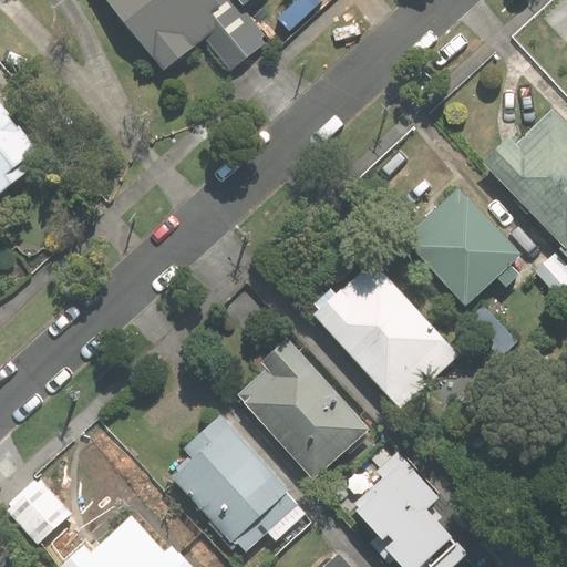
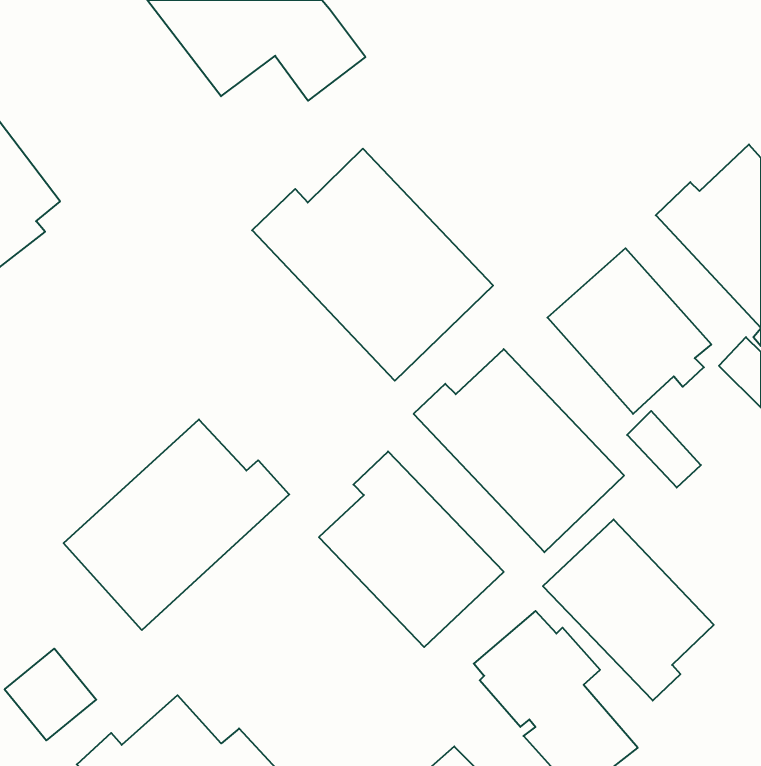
building: none -> [252,149,493,381]
building: none -> [64,419,289,630]
building: none -> [543,519,714,701]
building: [171,412,305,556] -> none

